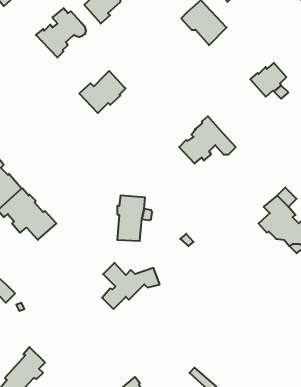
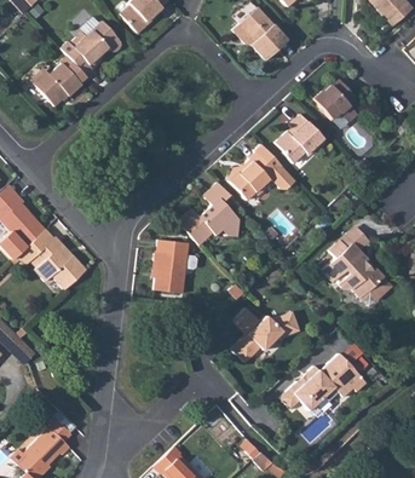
building: [79,71,126,113] -> [34,56,88,105]
building: none -> [277,114,325,163]
building: none -> [180,180,240,243]
building: [102,263,160,309] -> [231,309,299,363]
building: none -> [278,352,364,409]

